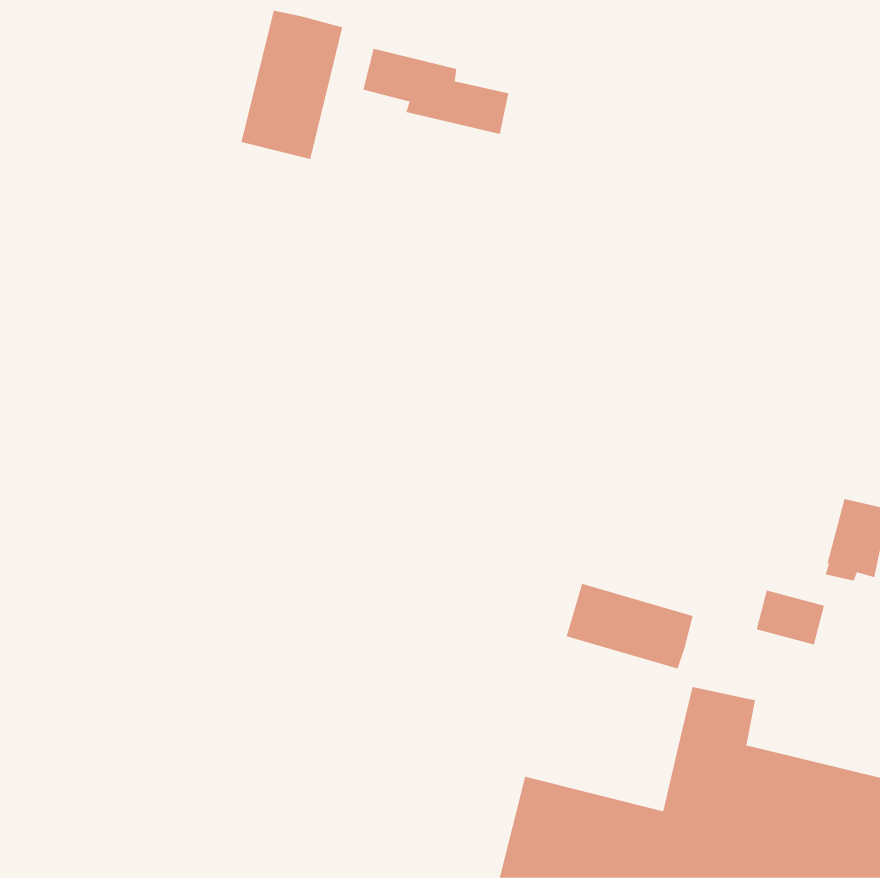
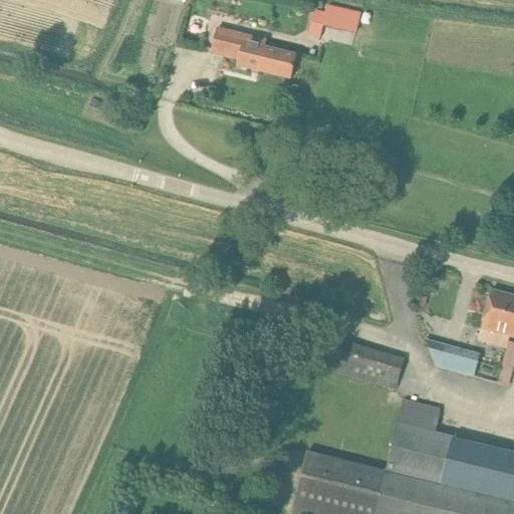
building: [241,10,343,160] -> none
building: none -> [308,6,360,38]

